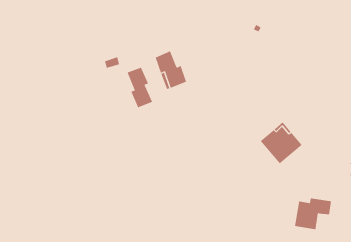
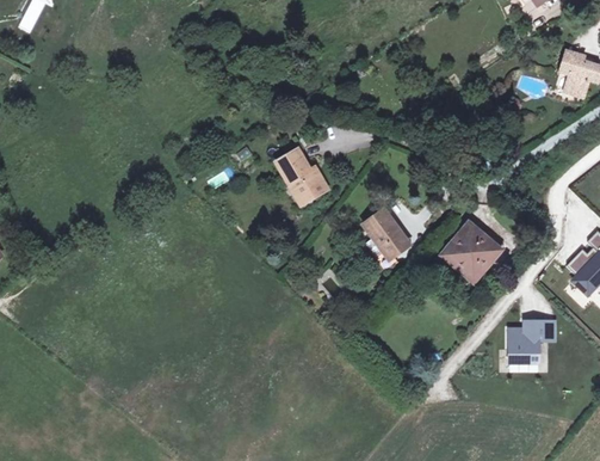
building: [127,67,153,108] -> none
building: none -> [363,208,408,269]

